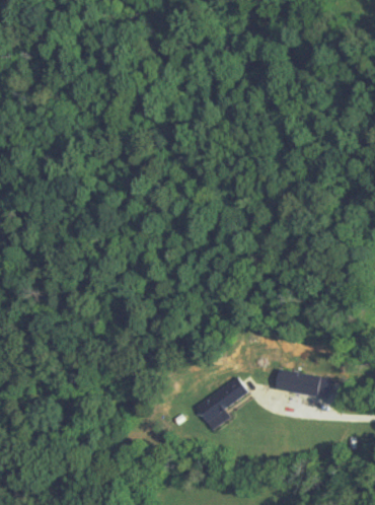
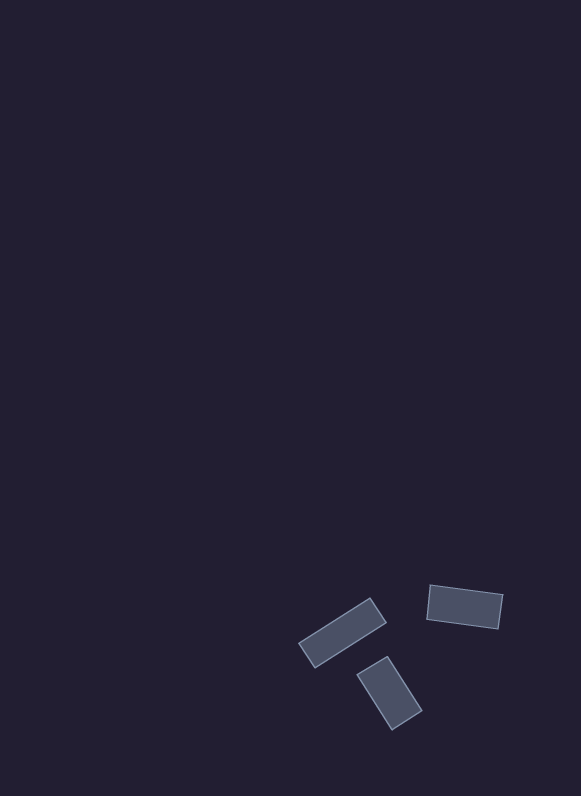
building: none -> [357,657,422,730]

